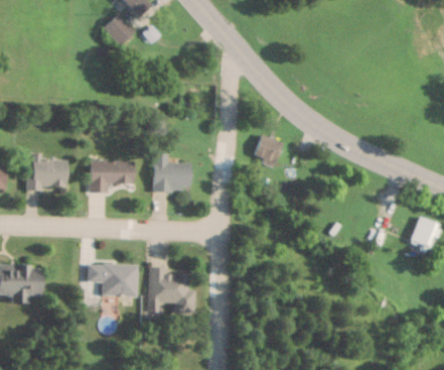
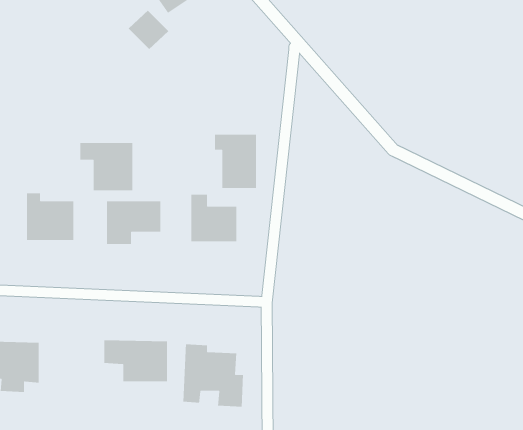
building: none -> [214,134,257,189]
building: none -> [79,142,133,191]
building: [254,134,283,164] -> none

